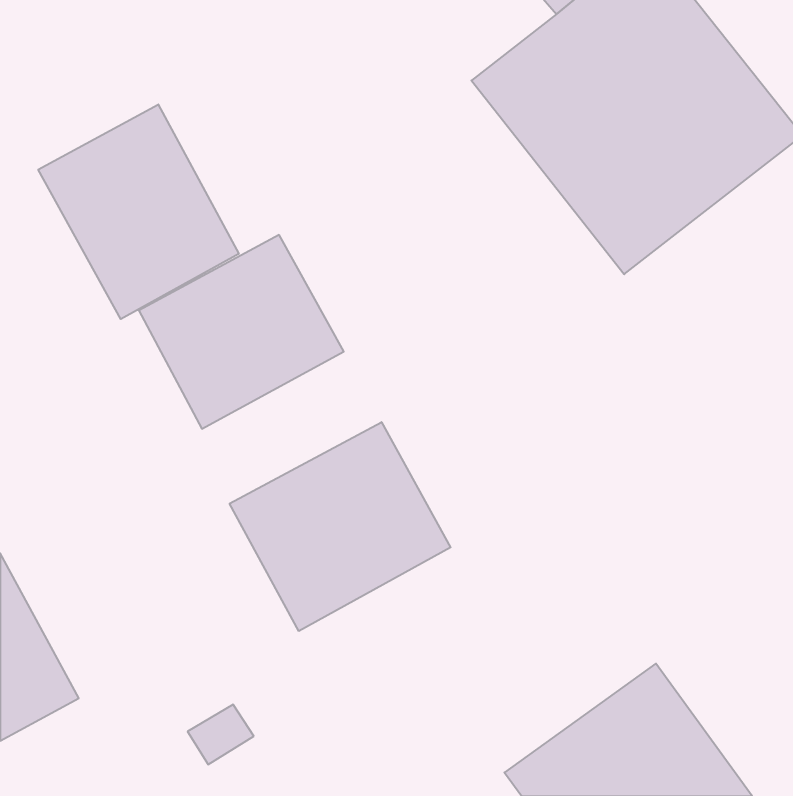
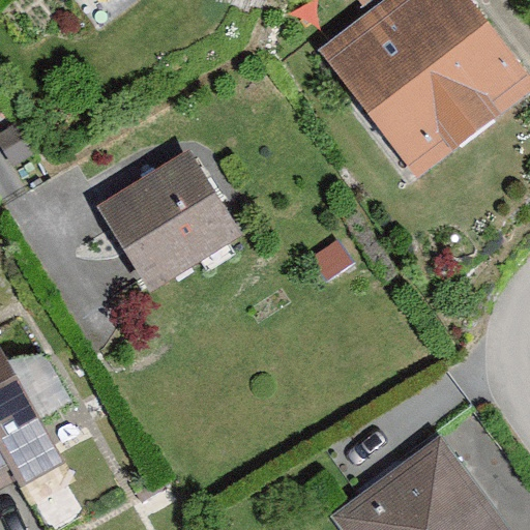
building: [38,104,239,319] -> none
building: [230,422,451,631] -> none

